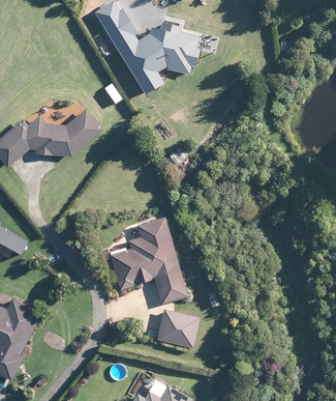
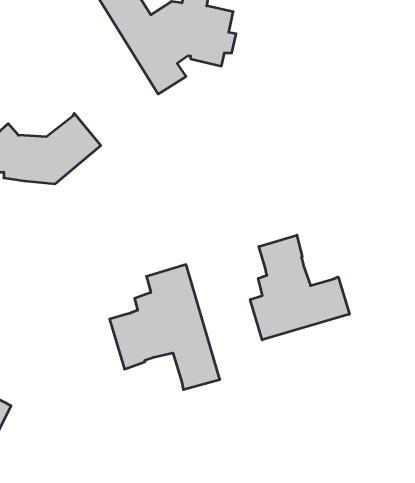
building: none -> [250,235,349,340]
building: [158,309,198,346] -> none

